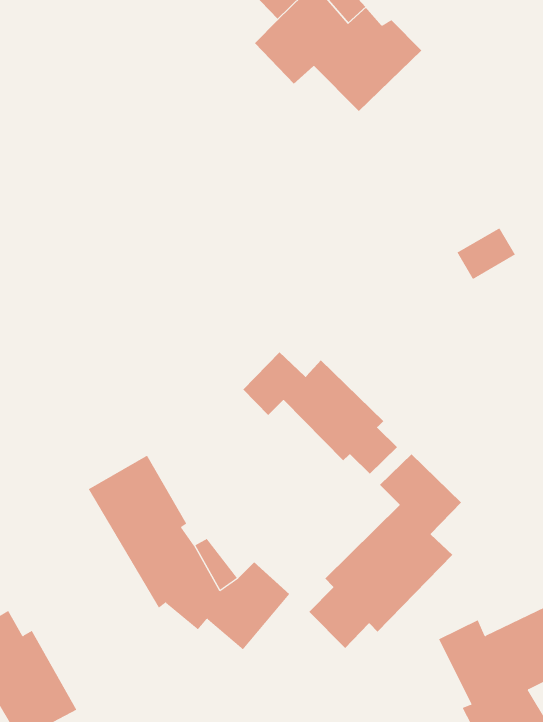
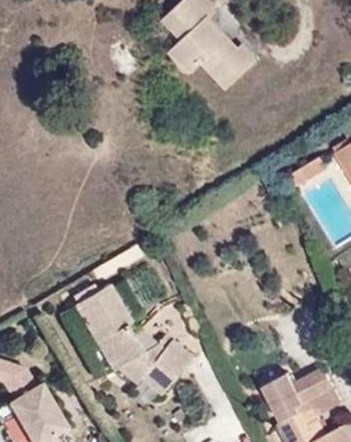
building: [243,351,398,475] -> none
building: [309,453,462,649] -> none

